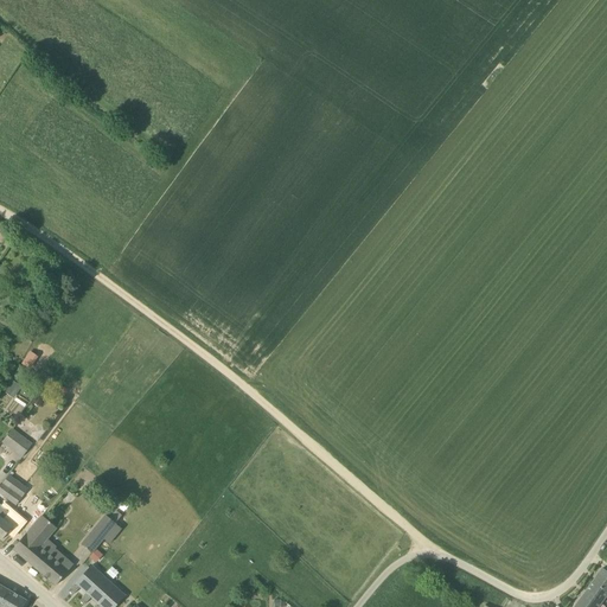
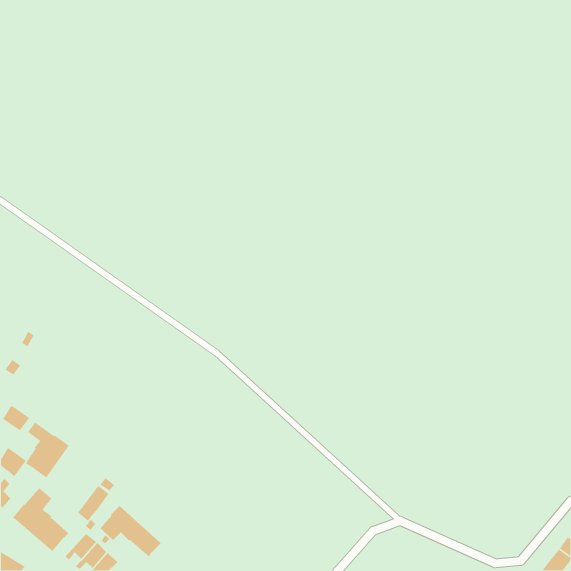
building: none -> [25,422,70,479]
building: none -> [99,505,161,558]

